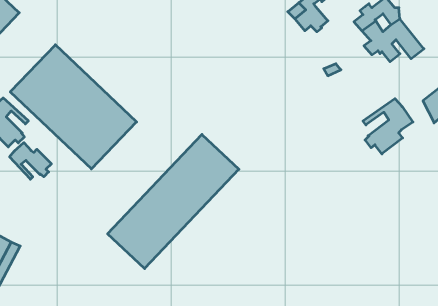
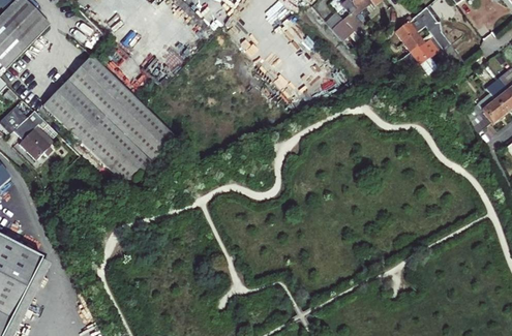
building: [363,99,413,154] -> none
building: [108,134,239,269] -> none
building: [10,143,51,179] -> none

